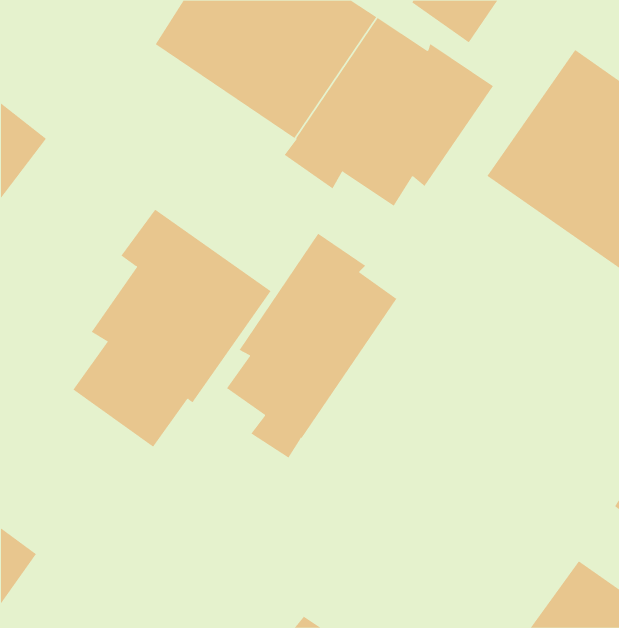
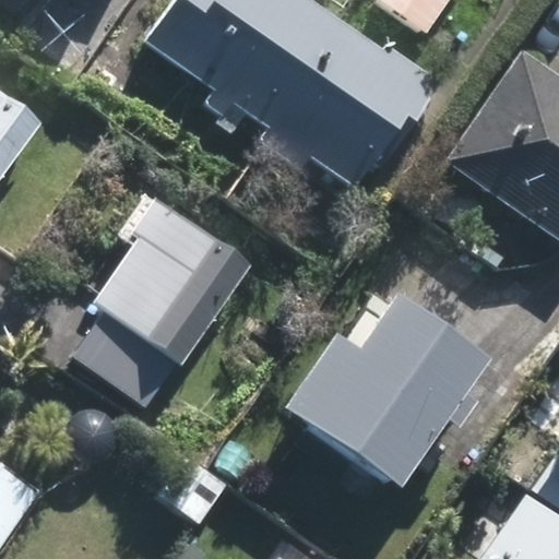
building: [226,233,397,458] -> none
building: none -> [277,306,484,504]

